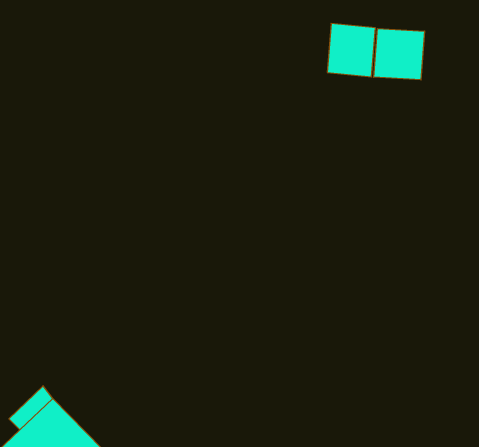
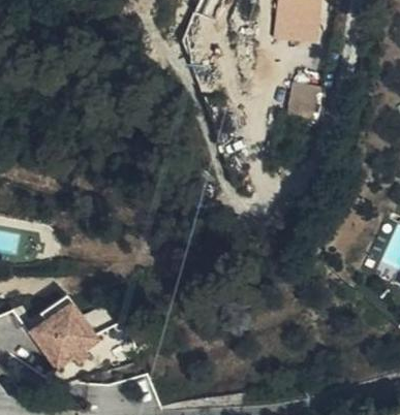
building: [374,29,425,80] -> none

